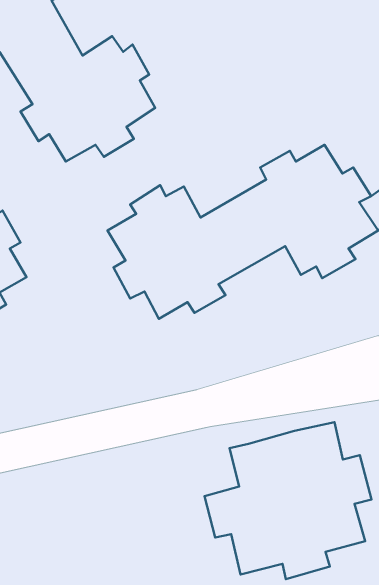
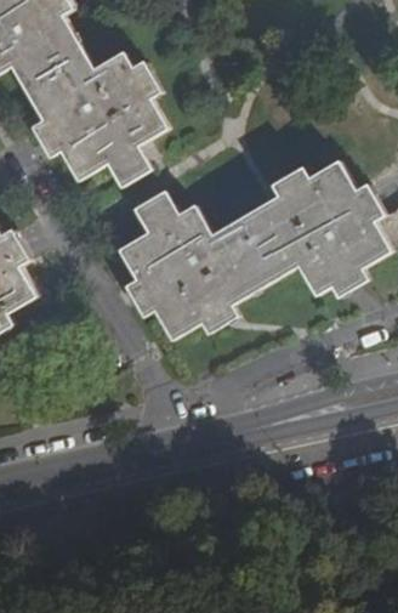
building: [205,422,371,579] -> none

